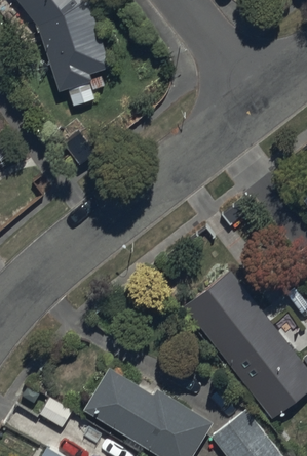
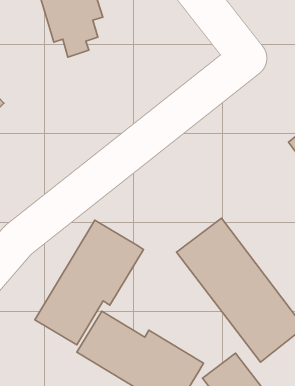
building: none -> [35,220,144,345]

